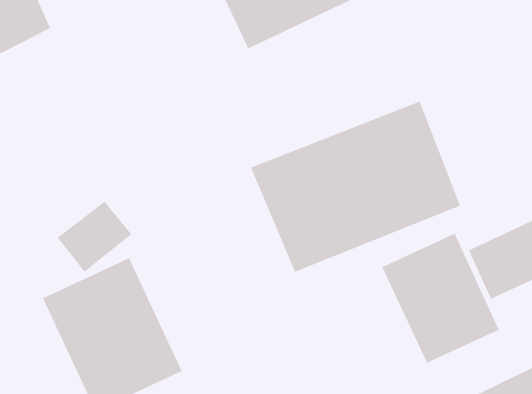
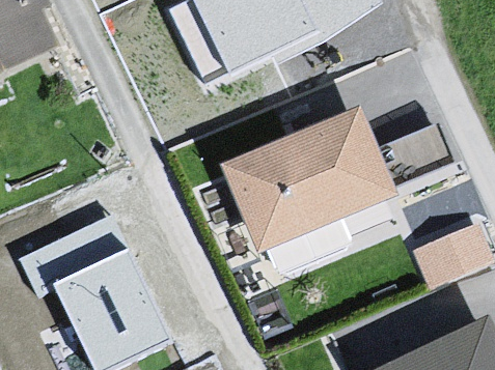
building: [382,233,499,363] -> none

